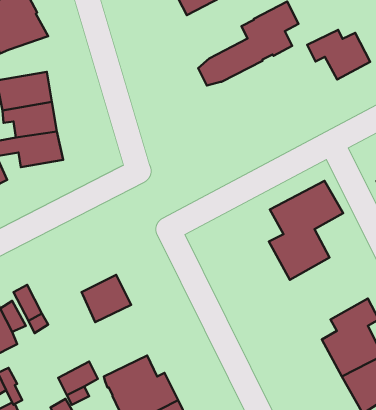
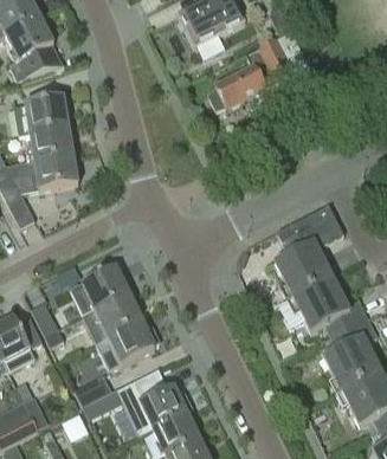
building: [307,30,370,79] -> none
building: none -> [70,265,128,315]
building: none -> [294,274,368,334]
building: none -> [95,319,160,370]

